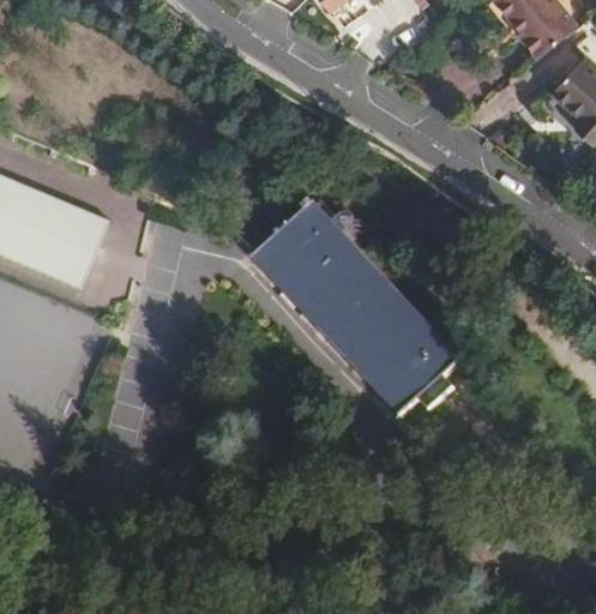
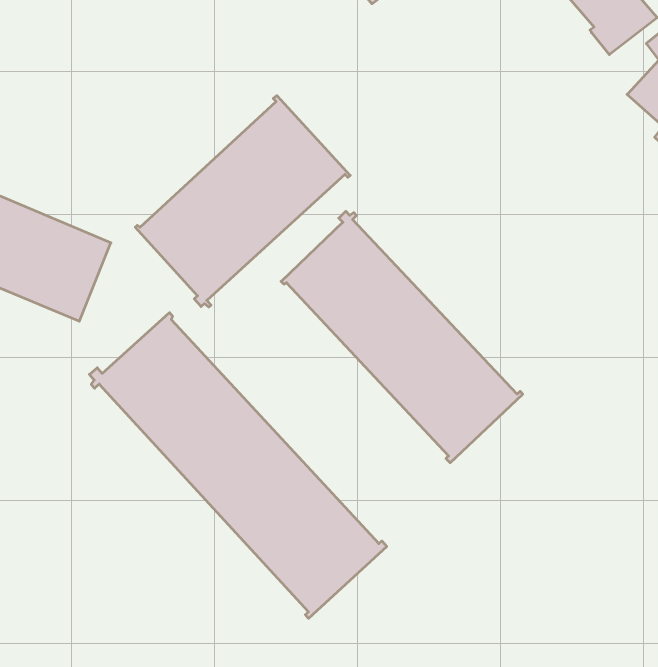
building: none -> [135,96,350,307]
building: none -> [89,313,387,618]

